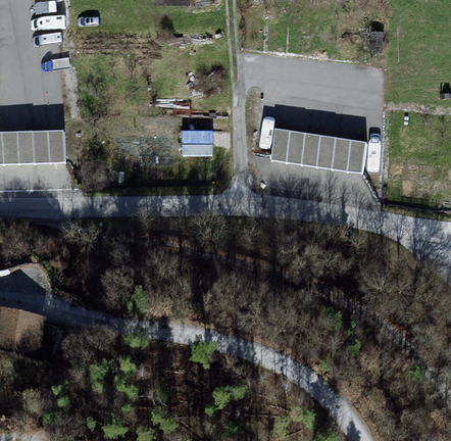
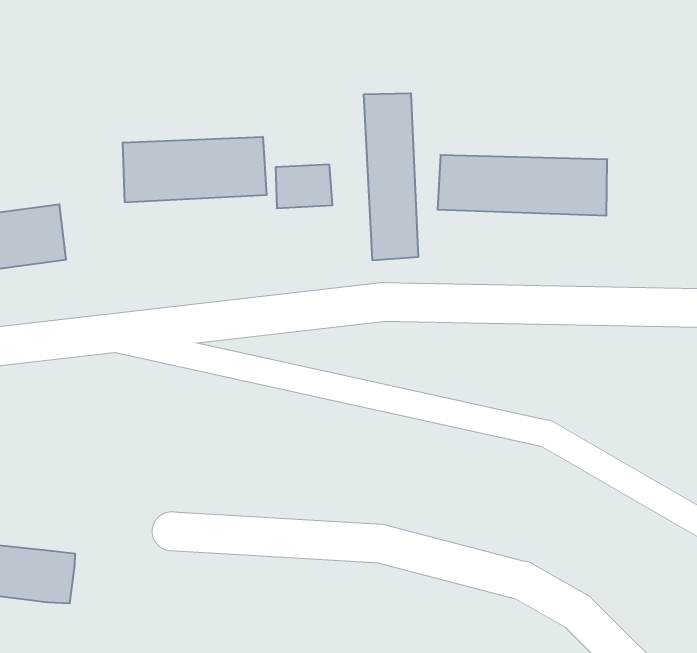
building: none -> [364,93,418,260]
building: none -> [123,137,267,202]

